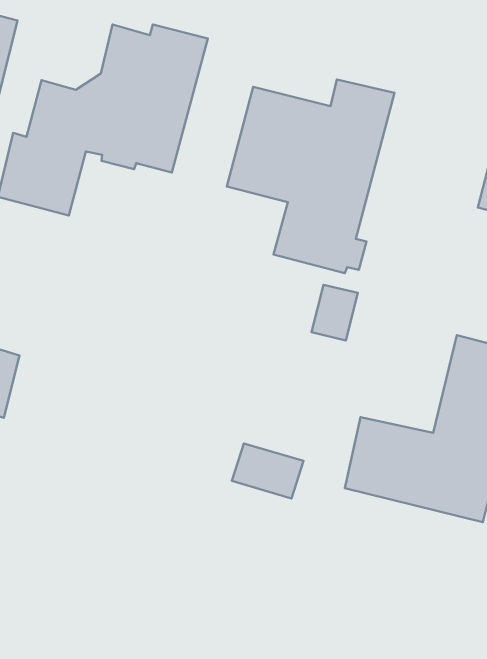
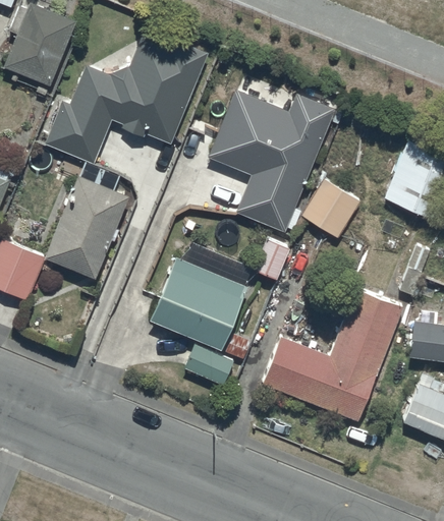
building: none -> [301,178,362,238]
building: none -> [45,174,129,279]
building: none -> [150,256,246,349]

